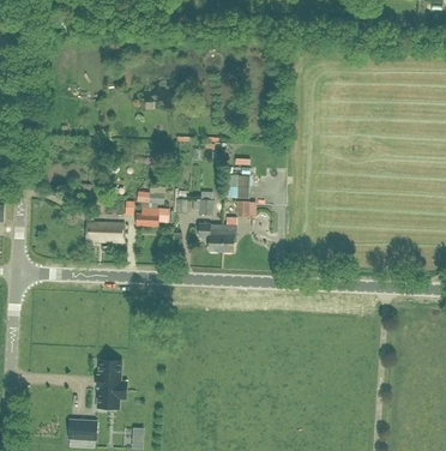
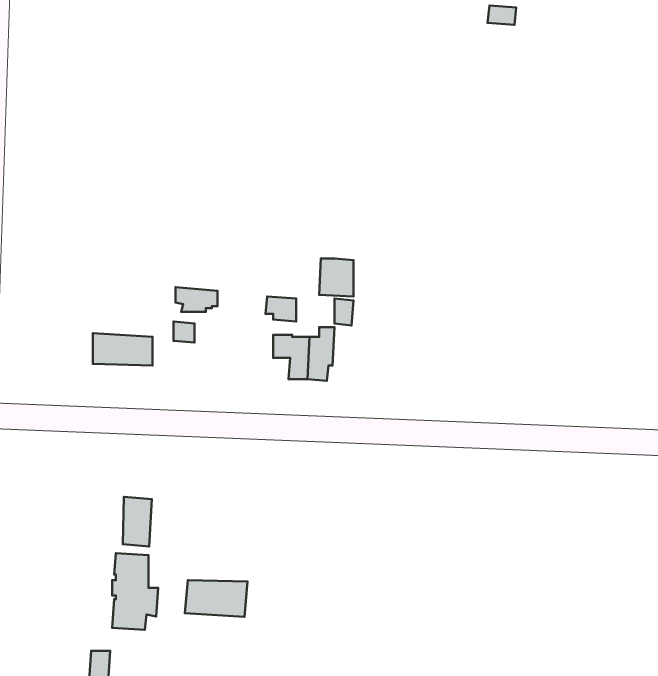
building: none -> [123,497,152,546]
building: none -> [185,580,247,617]

